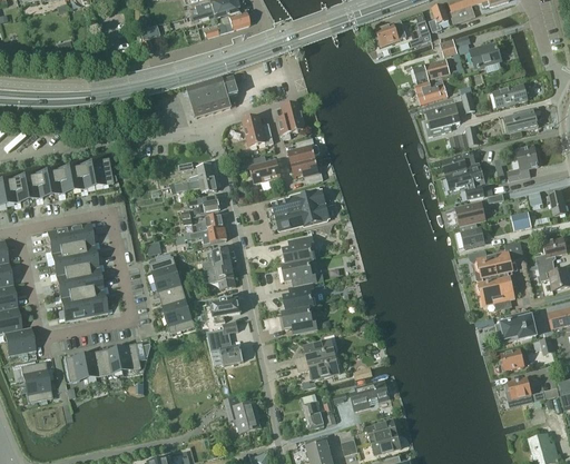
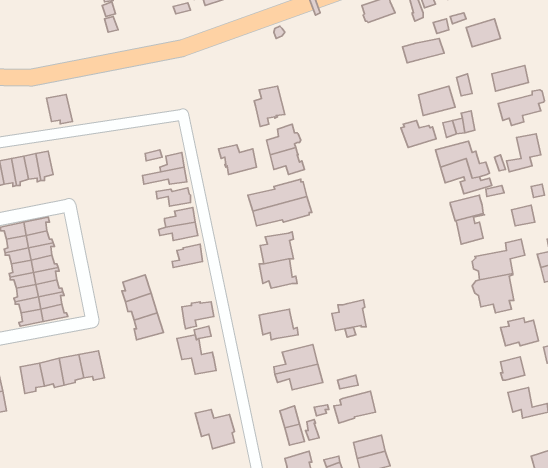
building: [187,76,238,117] -> none
building: [414,78,446,102] -> [401,121,436,148]
building: [243,115,273,145] -> none
building: [90,158,114,185] -> [47,95,72,124]
building: [149,256,178,280] -> none
building: [204,261,235,288] -> none
building: [283,282,314,309] -> [332,300,366,331]

